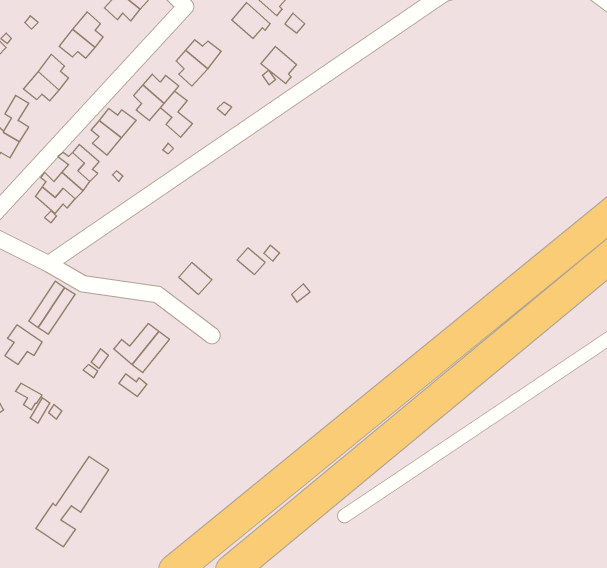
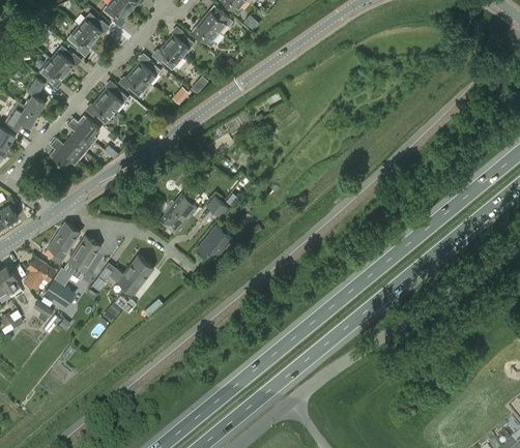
building: [261,46,297,84] -> [191,19,219,48]
building: [161,91,192,137] -> none
building: none -> [171,193,199,221]
building: none -> [196,226,231,262]
building: [36,457,109,547] -> [44,236,100,306]

